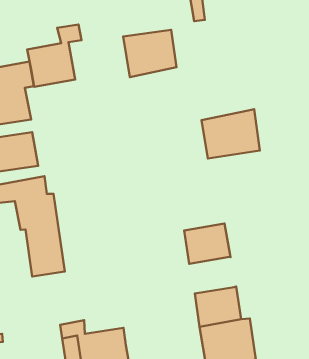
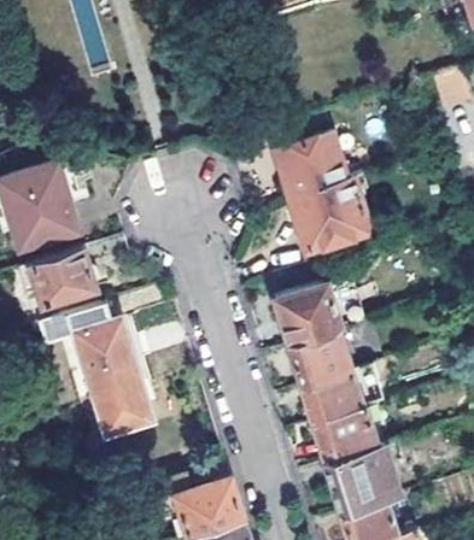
building: [27,24,82,87] -> none
building: [123,30,177,77] -> [276,139,349,205]
building: none -> [275,284,341,346]
building: none -> [302,371,362,423]

